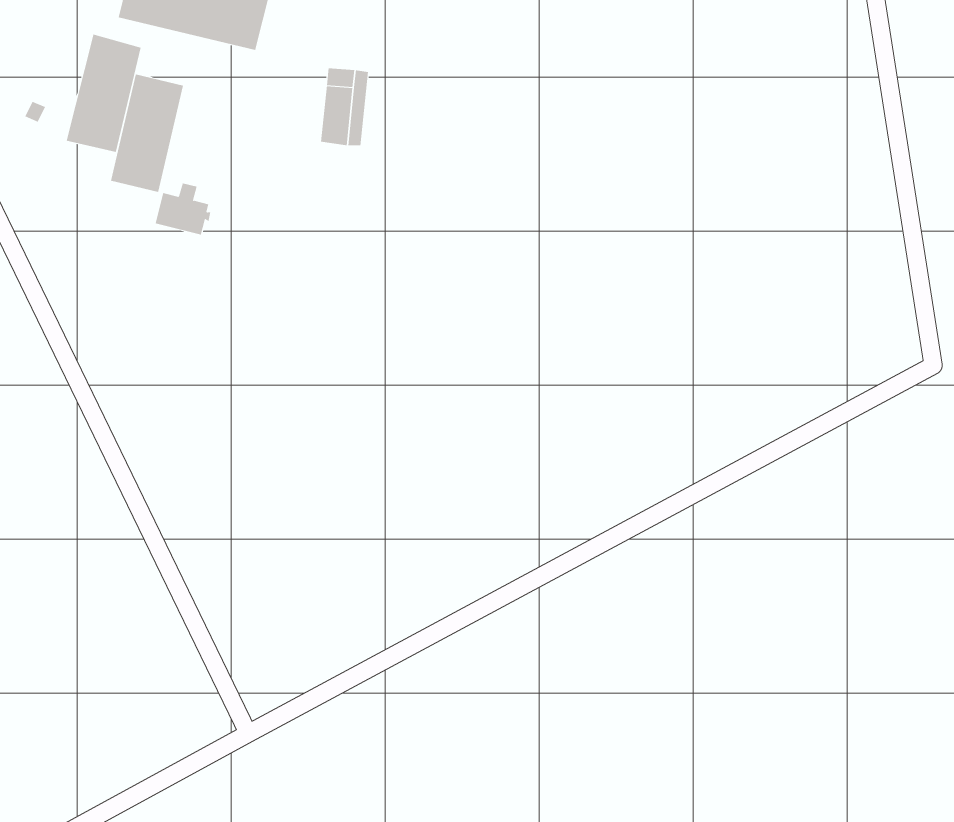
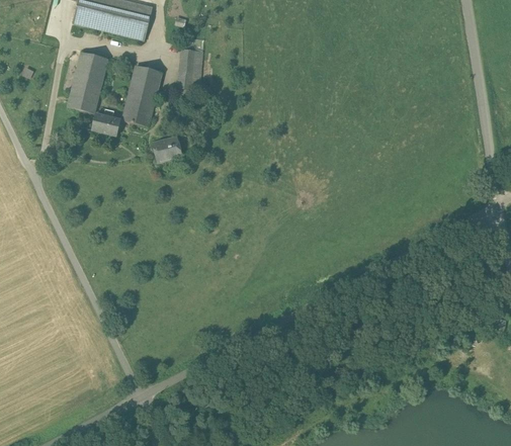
building: [66,34,142,153] -> [121,65,161,126]
building: none -> [152,137,181,162]

